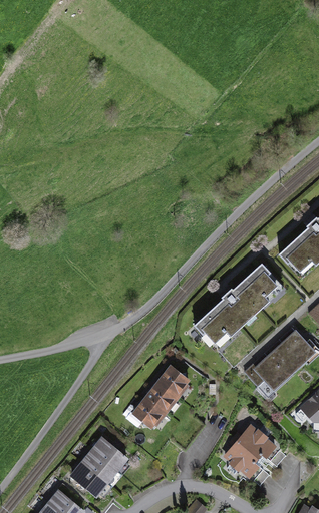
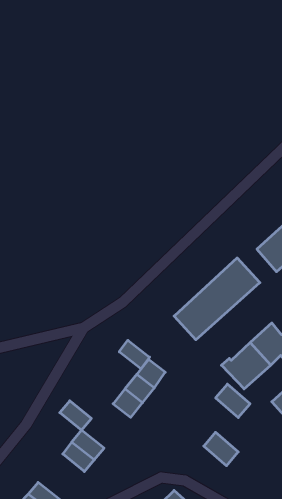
building: none -> [119,340,150,369]
building: [238,426,273,460] -> [216,384,250,418]
building: [72,462,104,492] -> [60,401,91,430]

